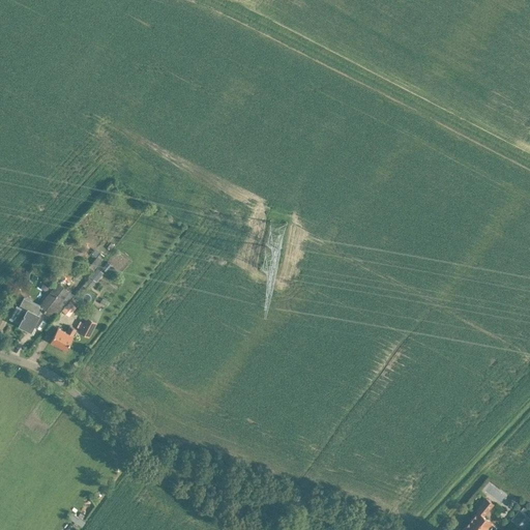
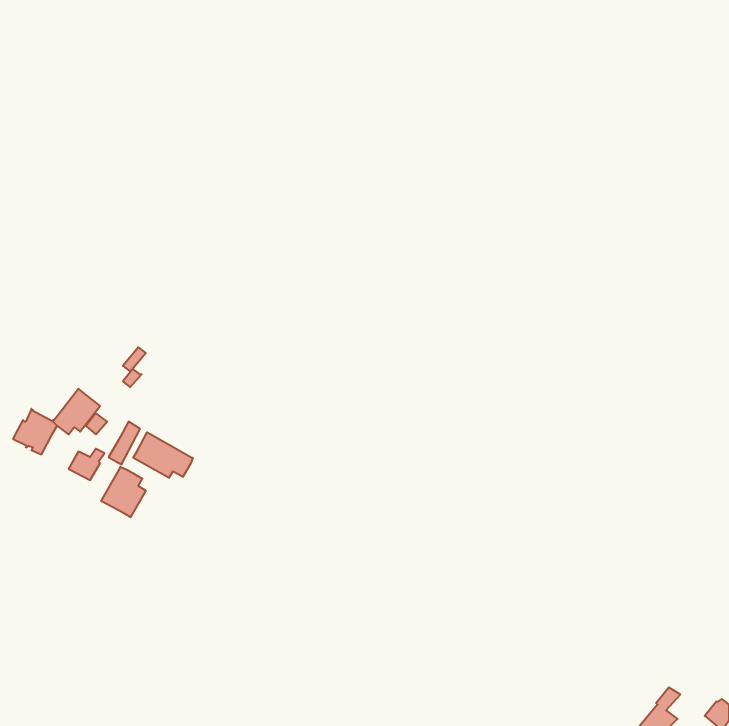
building: none -> [133,432,193,478]
building: none -> [101,467,146,517]

